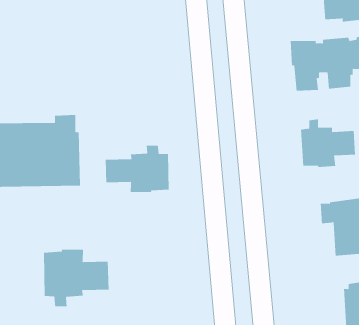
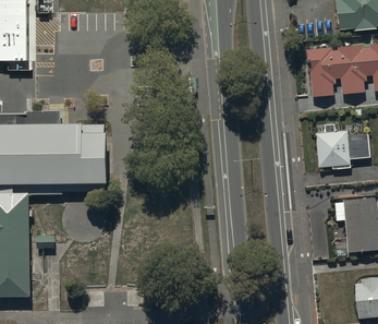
building: [105,145,169,193] -> none
building: [43,249,109,307] -> none

